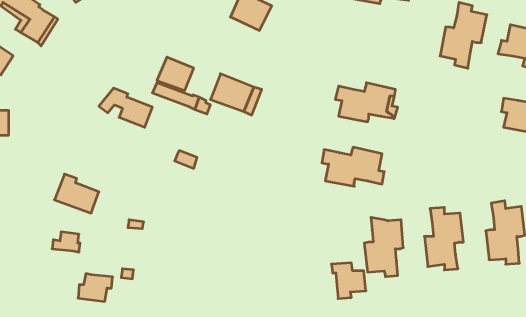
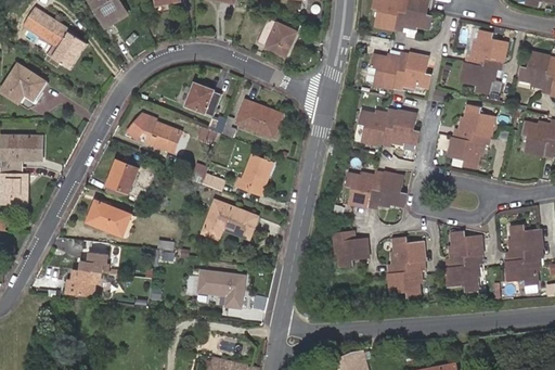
building: none -> [369,51,429,89]
building: none -> [447,104,493,168]
building: none -> [236,155,272,193]
building: none -> [102,158,137,200]
building: none -> [202,201,259,240]
building: none -> [202,268,249,305]
building: [331,263,366,299] -> [334,231,367,266]
building: [78,274,113,301] -> [69,268,103,295]

